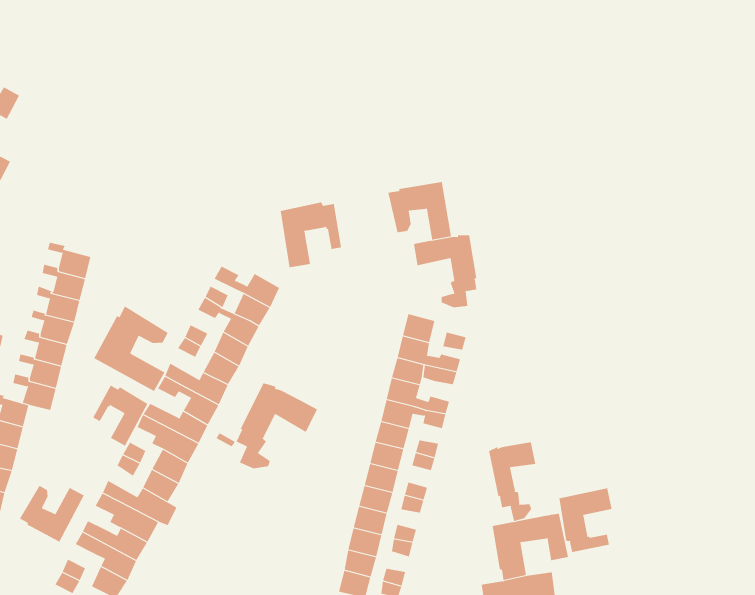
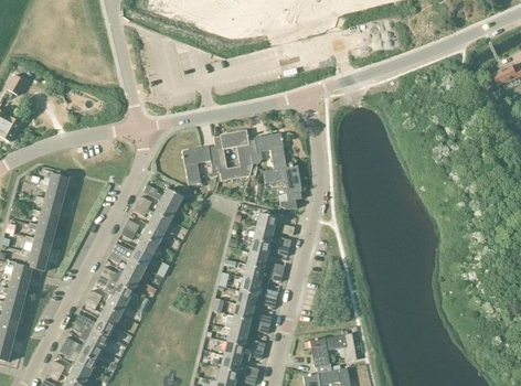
building: none -> [213,129,253,181]
building: [93,306,169,392] -> none
building: [236,382,318,469] -> none
building: [92,385,148,446] -> none
building: [489,441,536,522] -> none
building: [19,485,84,542] -> none
building: [559,487,612,553] -> none

